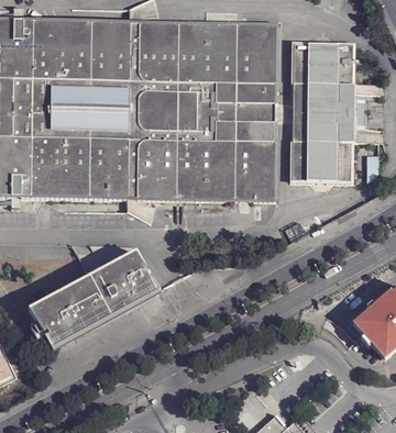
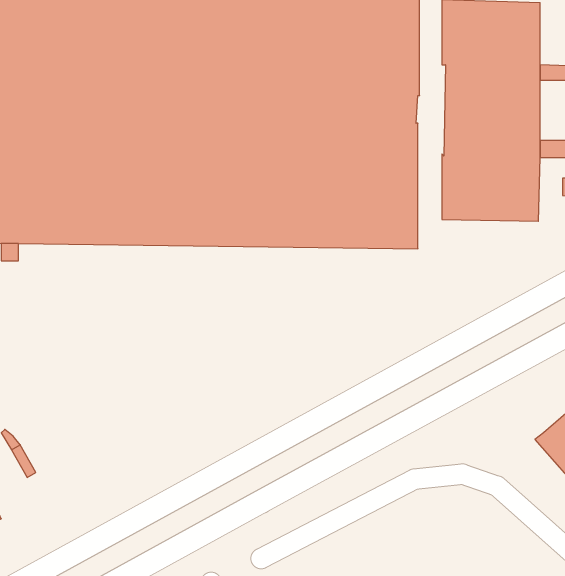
building: [29,251,158,352] -> none

